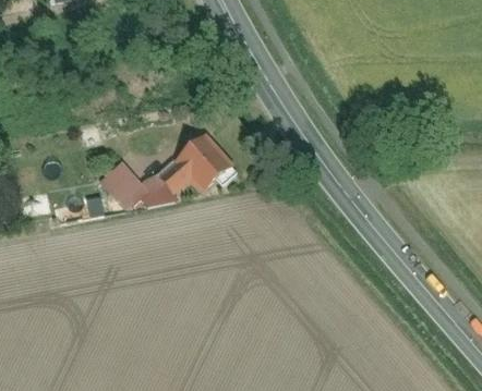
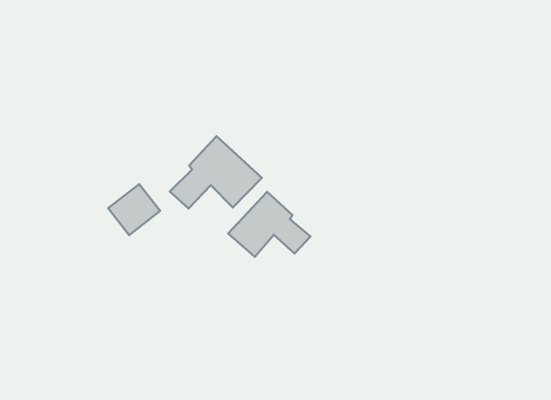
building: none -> [228,192,310,257]

